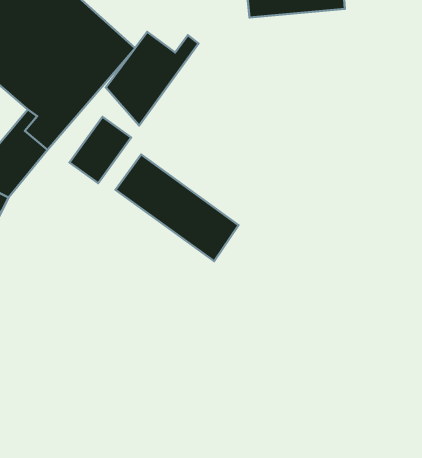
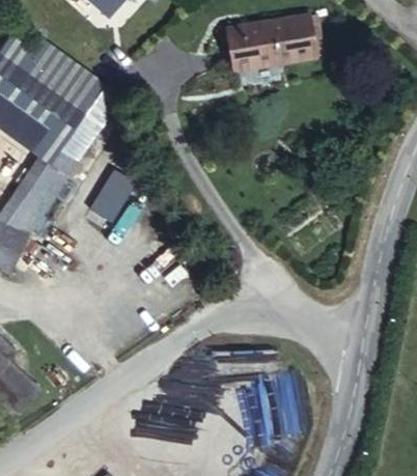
building: [106,32,198,126] -> none
building: [115,155,238,261] -> none

